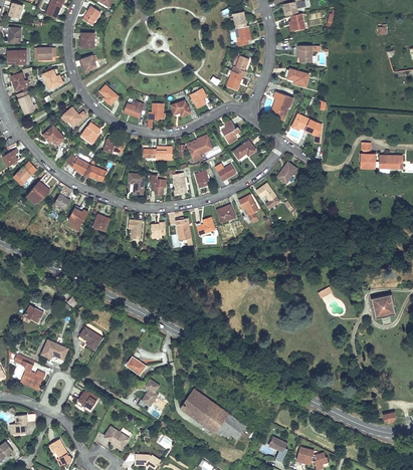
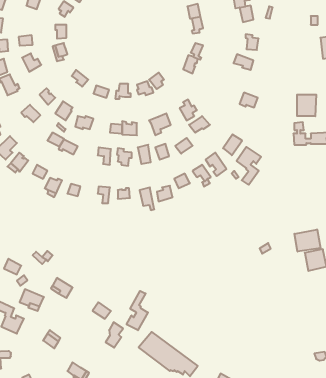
building: [270,90,292,120] -> none
building: none -> [297,95,316,116]
building: none -> [237,147,261,185]
building: none -> [294,229,321,252]
building: none -> [127,291,148,330]

